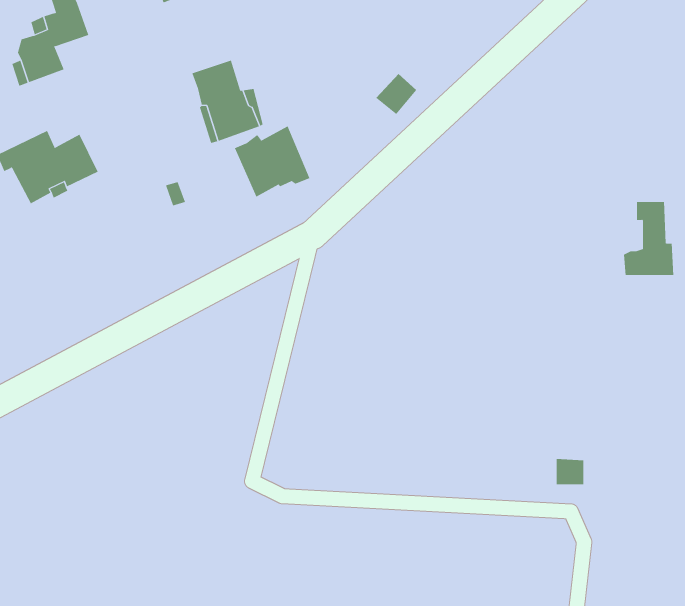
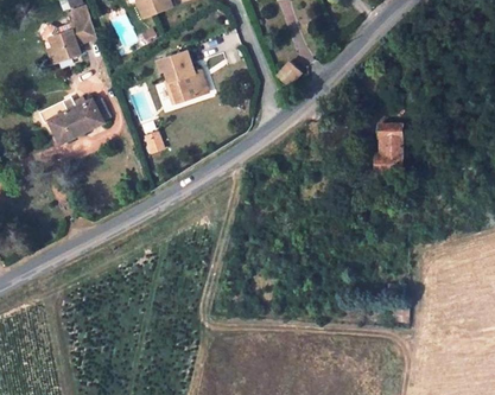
building: [234,125,310,198] -> none
building: [623,201,674,275] -> [373,122,405,168]

